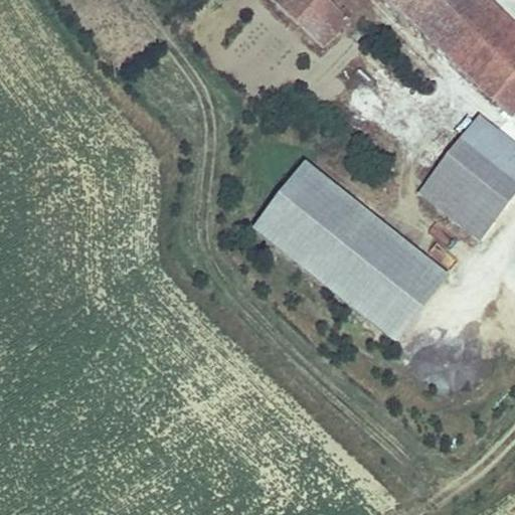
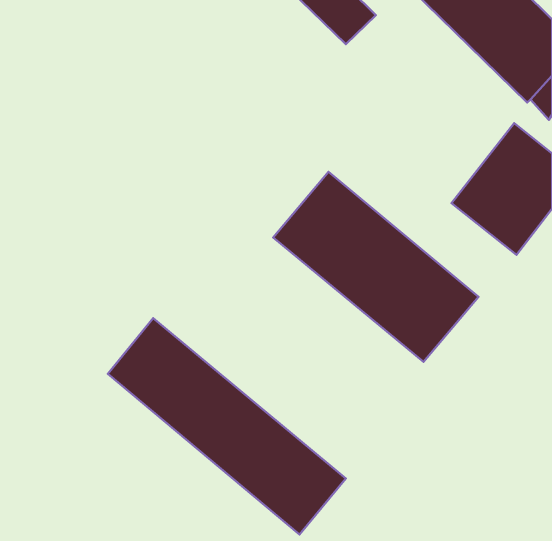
building: none -> [108,318,346,534]

